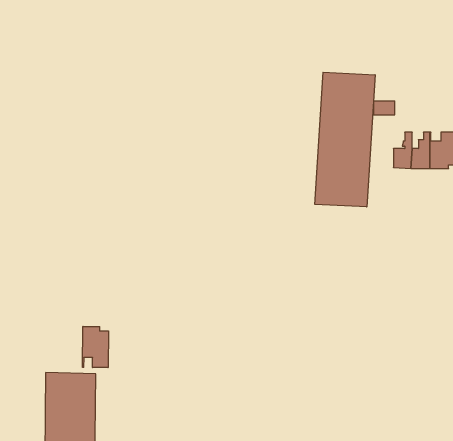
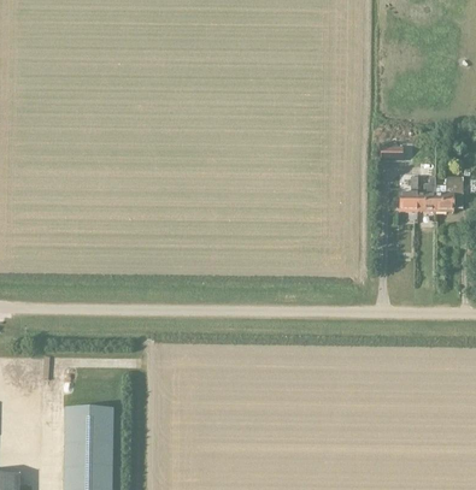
building: [315,72,375,207] -> none
building: [83,326,108,368] -> none

